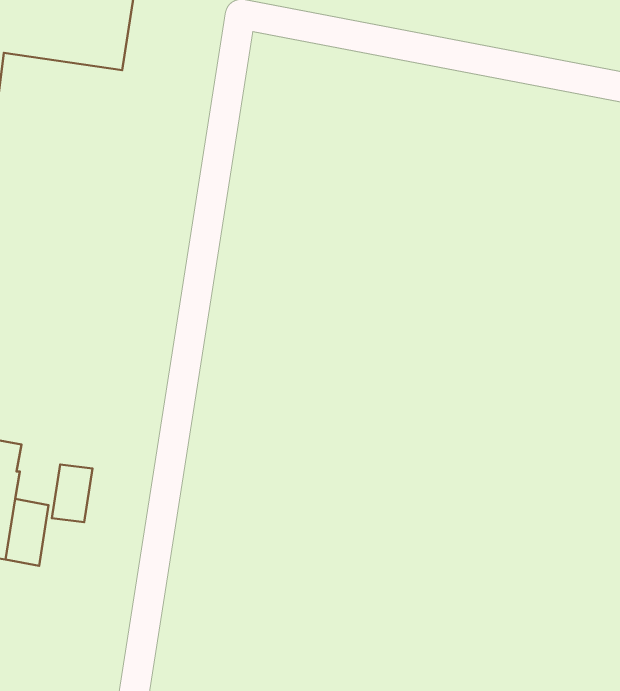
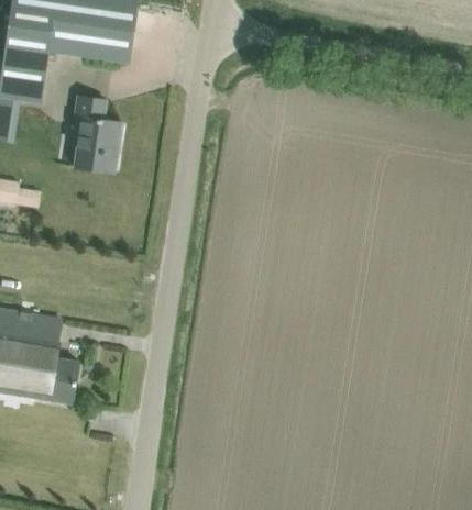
building: none -> [72,96,121,173]
building: [52,464,93,522] -> none

